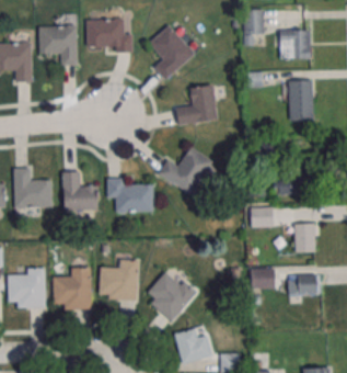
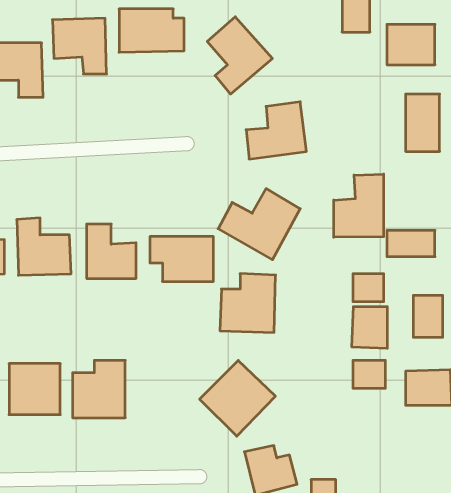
building: none -> [334,174,384,237]
building: none -> [352,307,387,348]
building: [100,259,139,301] -> [220,274,276,332]

